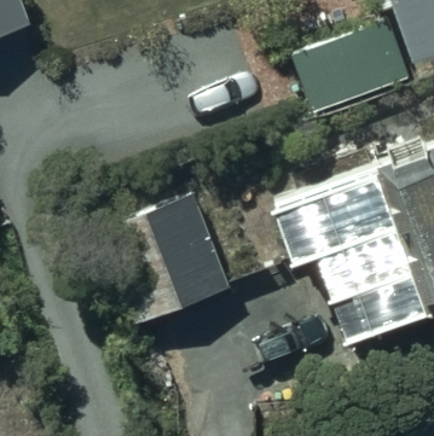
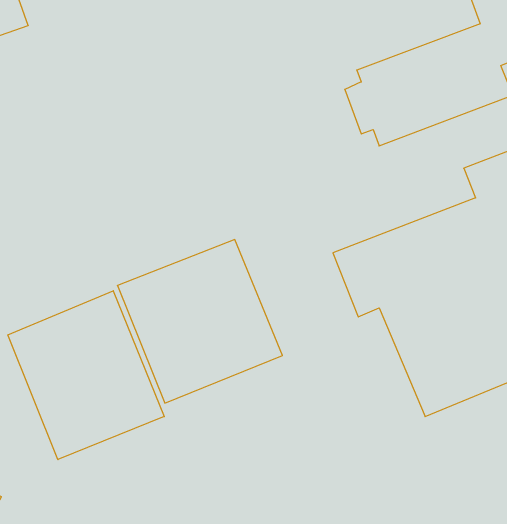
building: none -> [8,291,164,460]

